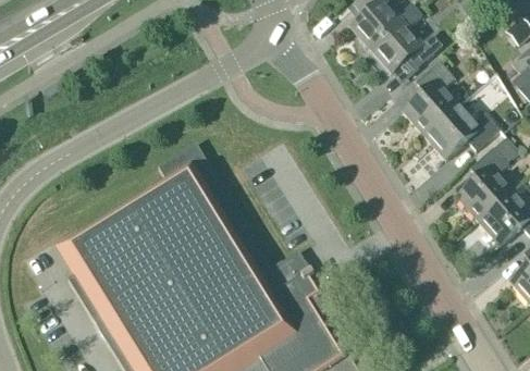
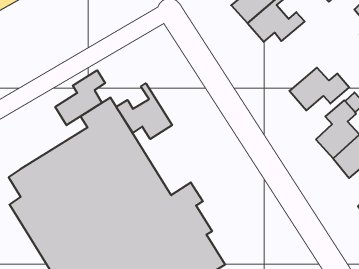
building: [403,61,458,134] -> none
building: none -> [55,70,105,125]
building: none -> [116,83,172,139]

